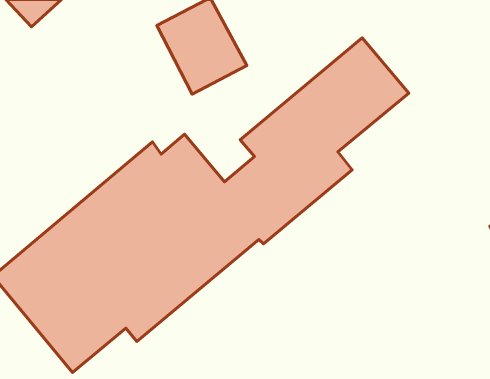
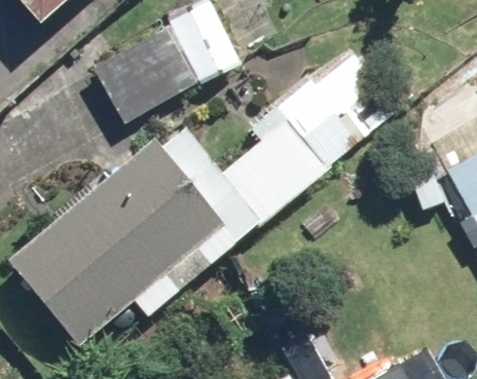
building: none -> [90,25,195,125]

